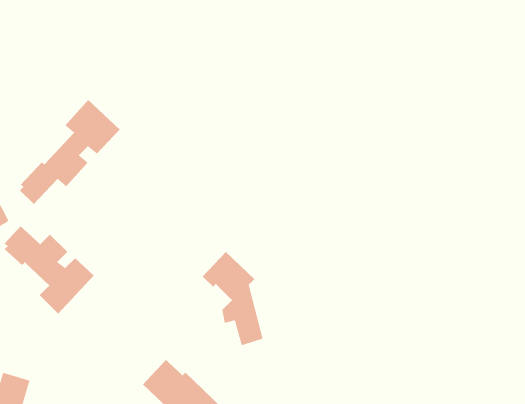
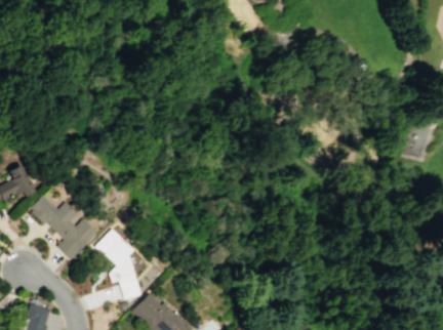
building: [19,99,120,205] -> none
building: [202,251,263,346] -> [95,229,140,298]

